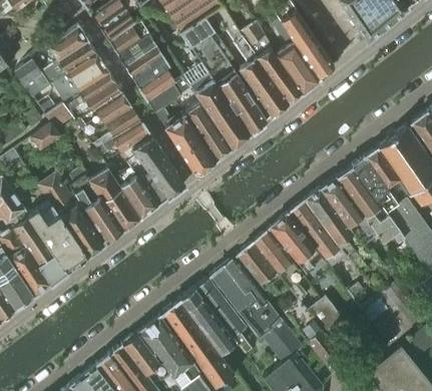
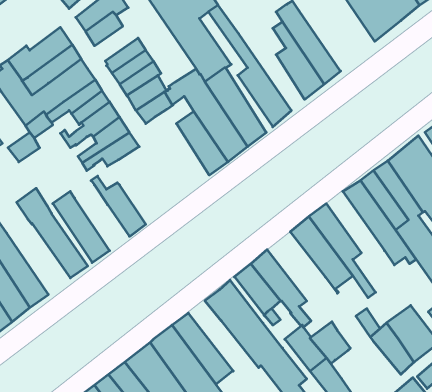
building: [109,22,149,57] -> none
building: [242,22,302,102] -> none
building: [165,114,214,171] -> none
building: [132,137,184,207] -> none
building: [91,170,141,231] -> none
building: [322,176,375,242] -> none
building: [29,202,87,271] -> none
building: [271,214,321,275] -> none
building: [195,277,253,354] -> none

